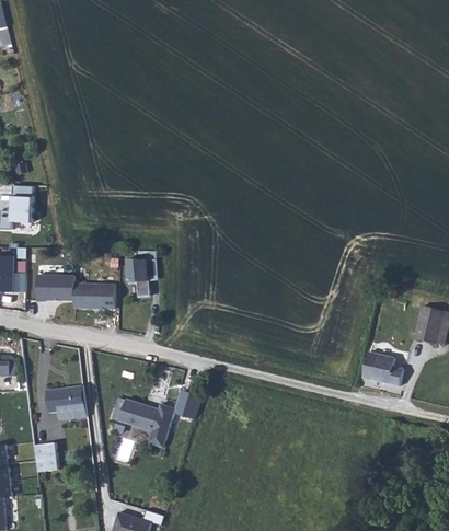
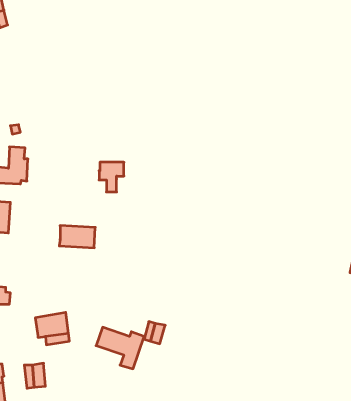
building: [130,259,160,295] -> [99,162,124,192]
building: [35,270,73,297] -> none
building: [364,351,404,386] -> none

